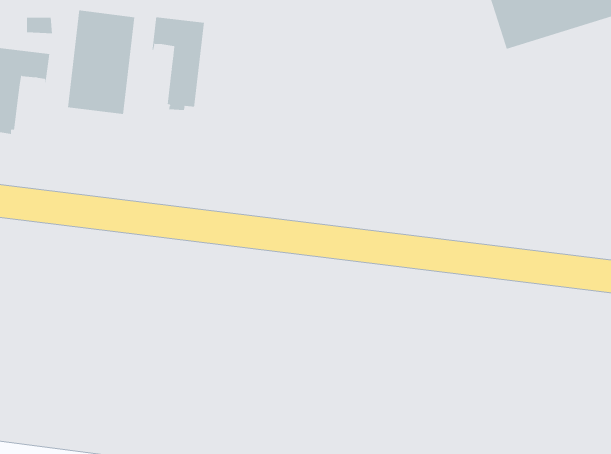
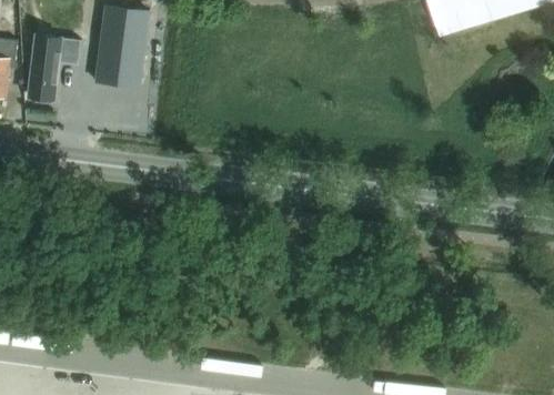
building: [152,16,205,111] -> none

